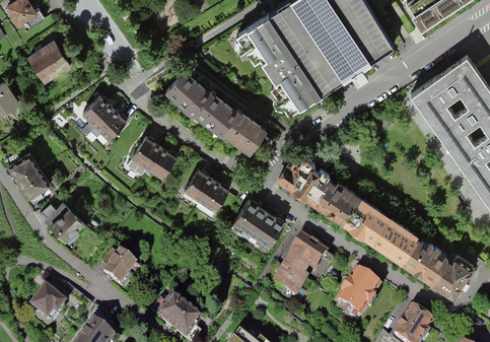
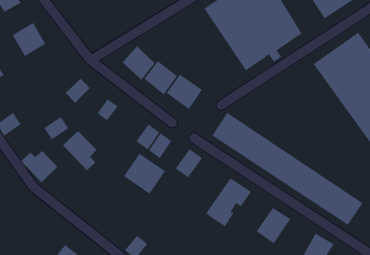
building: [236,22,322,119] -> none
building: [80,96,114,129] -> none
building: [147,146,177,177] -> none
building: [16,168,49,199] -> [44,116,69,140]
building: none -> [62,130,97,171]
building: none -> [123,153,166,195]
building: [250,211,286,250] -> none
building: [100,251,139,289] -> none
building: [27,286,65,324] -> none
building: [155,297,185,327] -> none

